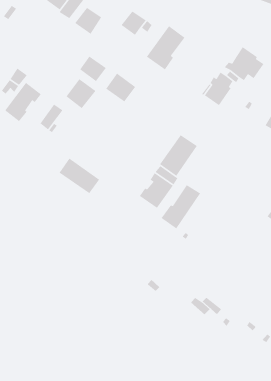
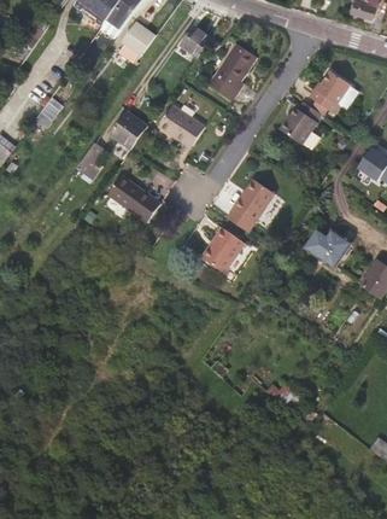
building: [79,56,107,82] -> none
building: [4,82,42,122] -> none
building: [59,157,100,194] -> [110,173,162,218]
building: none -> [305,228,351,266]
building: [161,184,201,229] -> none

